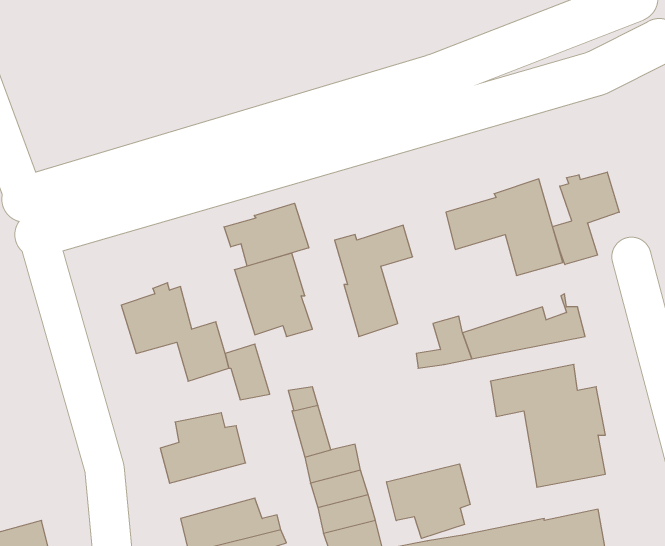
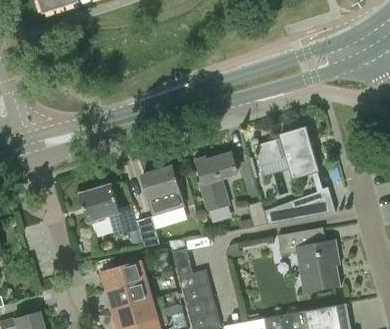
building: [552,172,619,265] -> none
building: [224,203,309,266] -> none
building: none -> [104,280,150,310]
building: [387,464,470,538] -> none

